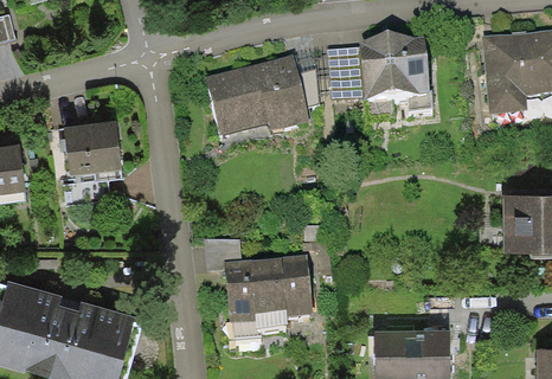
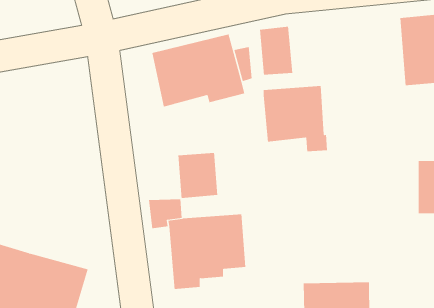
building: [359,36,431,109] -> [263,86,328,152]
building: [64,121,121,175] -> none
building: none -> [178,152,218,199]

